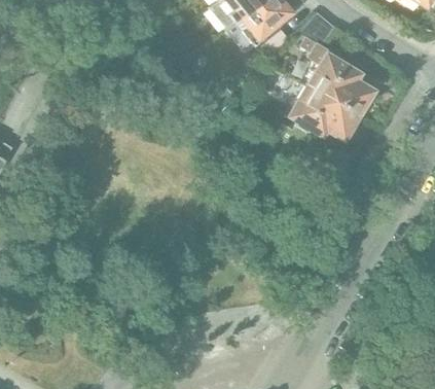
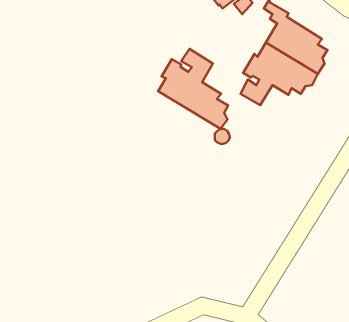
building: none -> [158,49,228,129]

